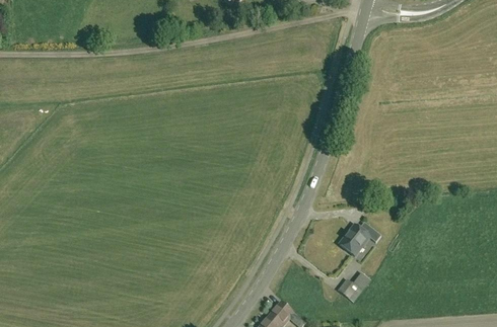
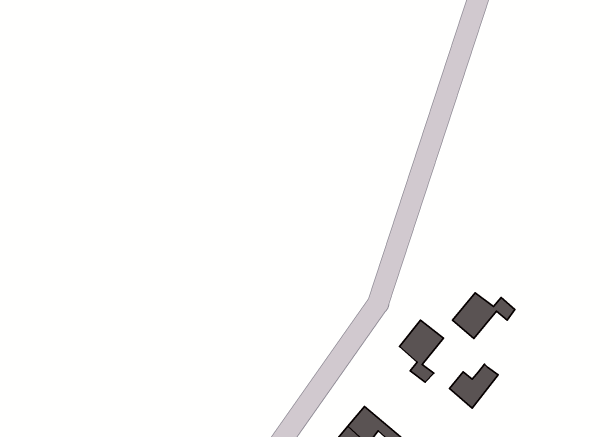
building: none -> [399,320,443,382]

